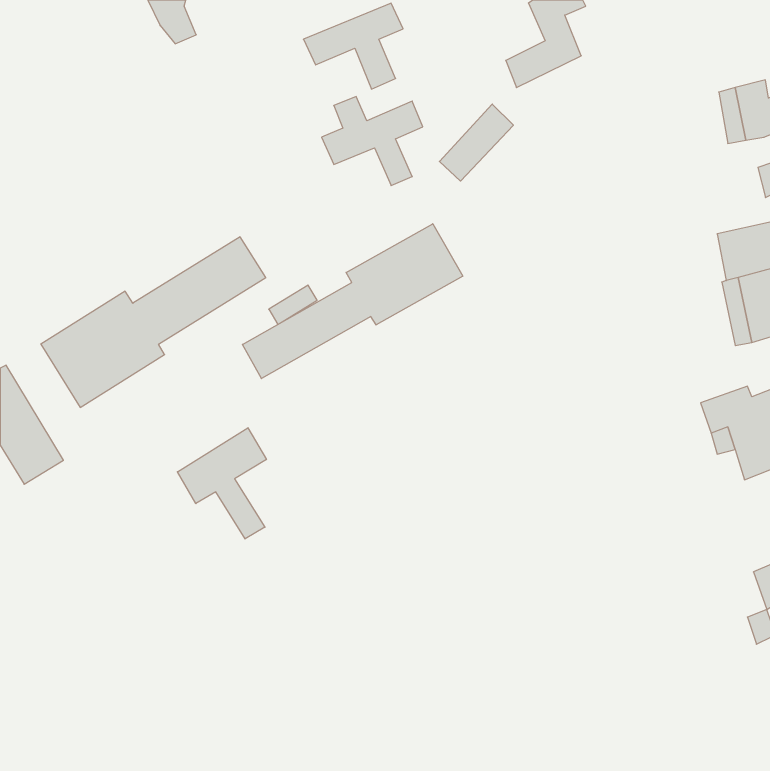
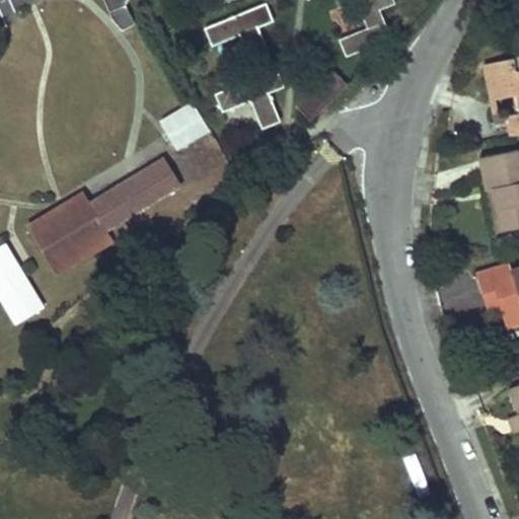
building: none -> [160,103,209,149]
building: [242,224,463,379] -> none
building: [177,428,266,539] -> none

